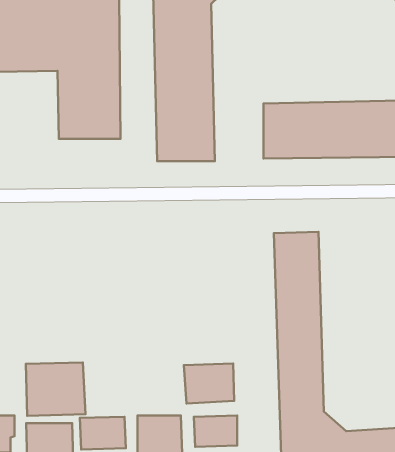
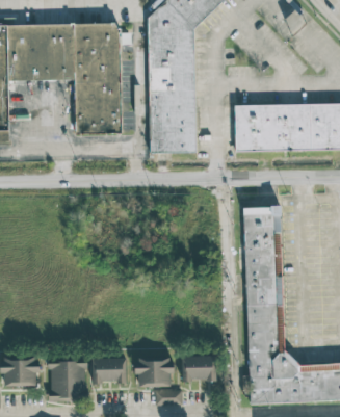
building: [26,362,86,416] -> none
building: [184,364,234,403] -> none

